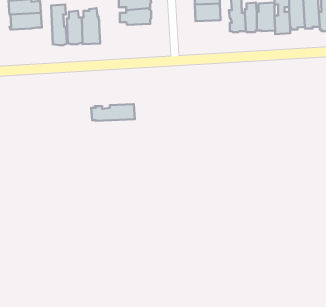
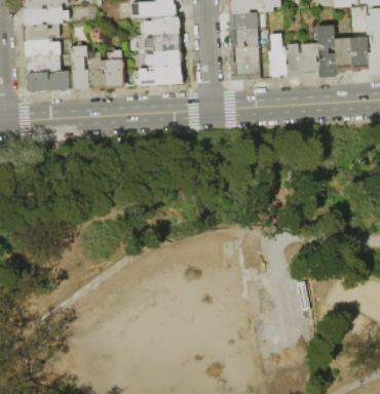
building: none -> [231,62,260,79]
building: none -> [26,69,70,92]
building: [91,104,135,121] -> [135,66,183,84]

